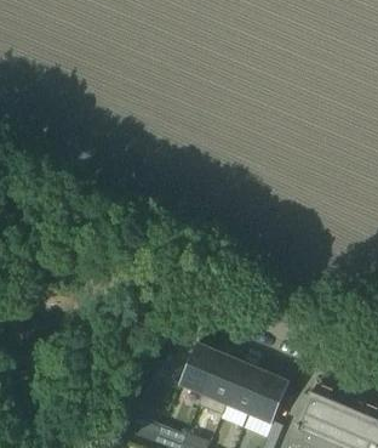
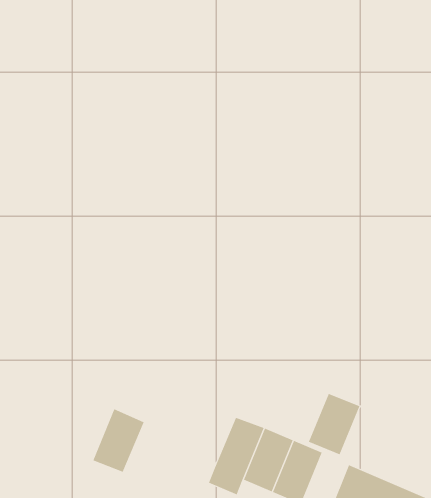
building: none -> [308,393,360,455]
building: [177,342,218,393] -> [92,408,144,473]

